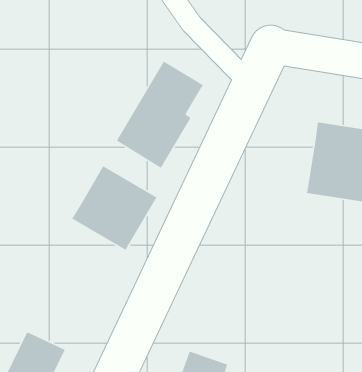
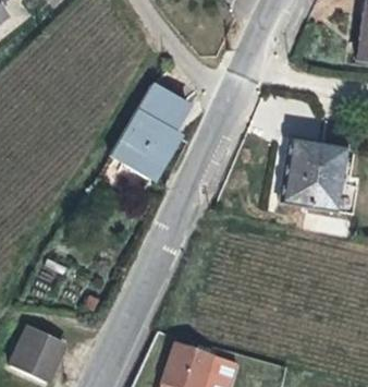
building: [71,165,158,251] -> none

